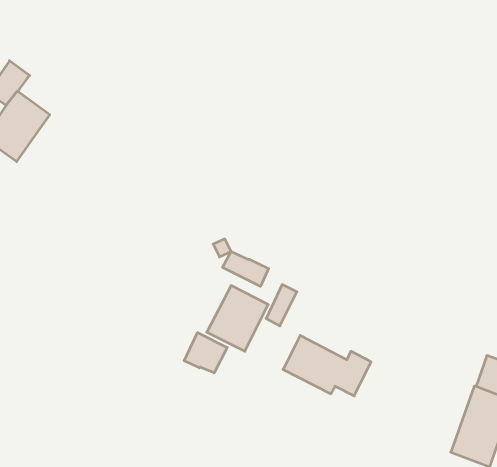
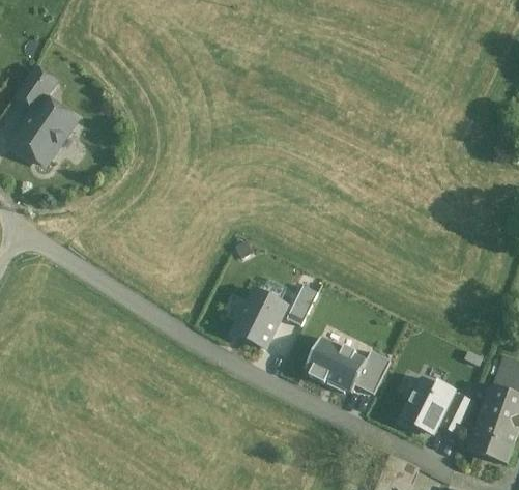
building: [223,252,269,286] -> none
building: [184,333,227,373] -> none
building: none -> [400,375,474,435]

